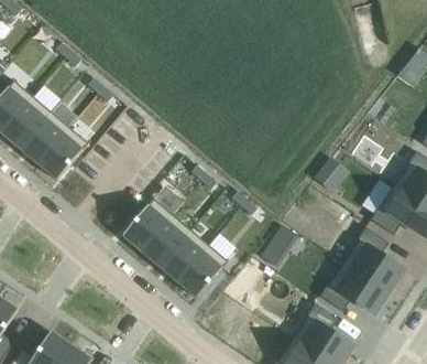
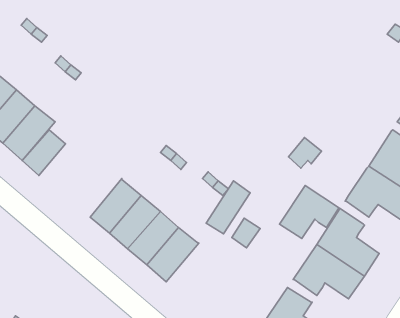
building: none -> [22,130,66,175]
building: none -> [206,181,250,234]
building: none -> [279,185,339,239]

